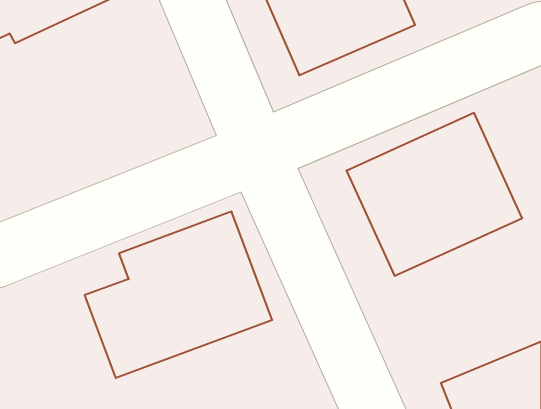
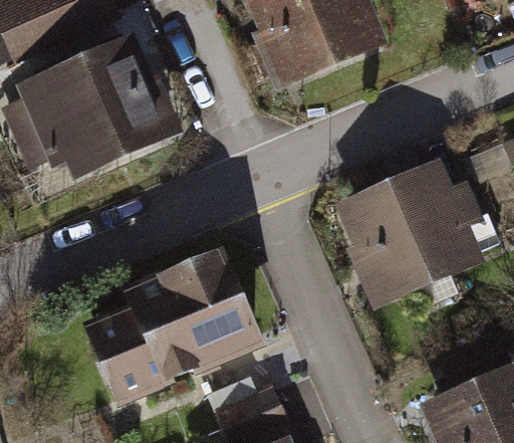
building: none -> [10,45,186,198]

